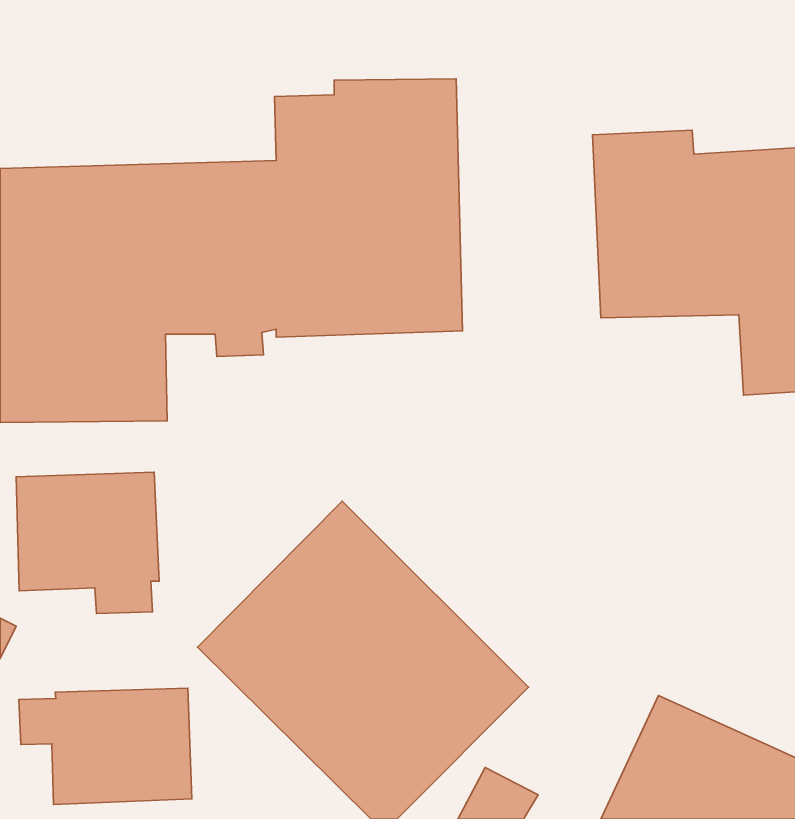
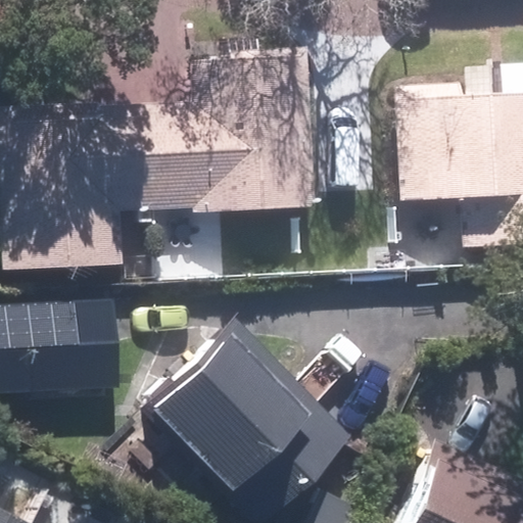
building: [19,688,192,804] -> none

